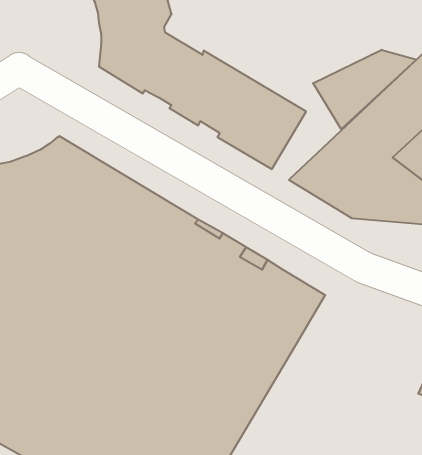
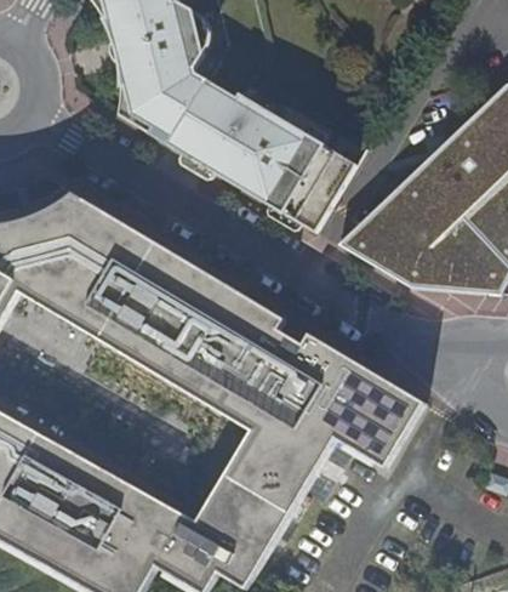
building: [313,50,417,129] -> none
building: none -> [339,375,426,469]

